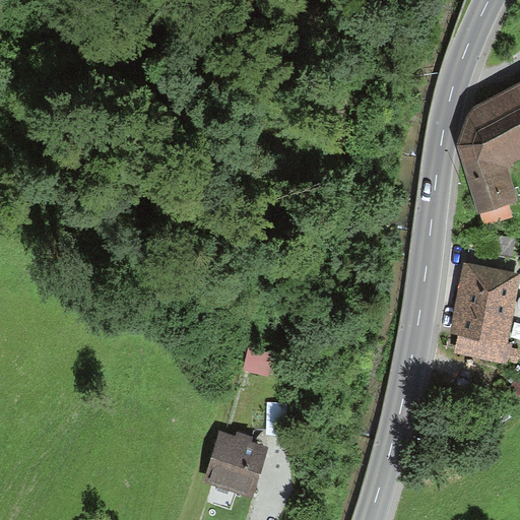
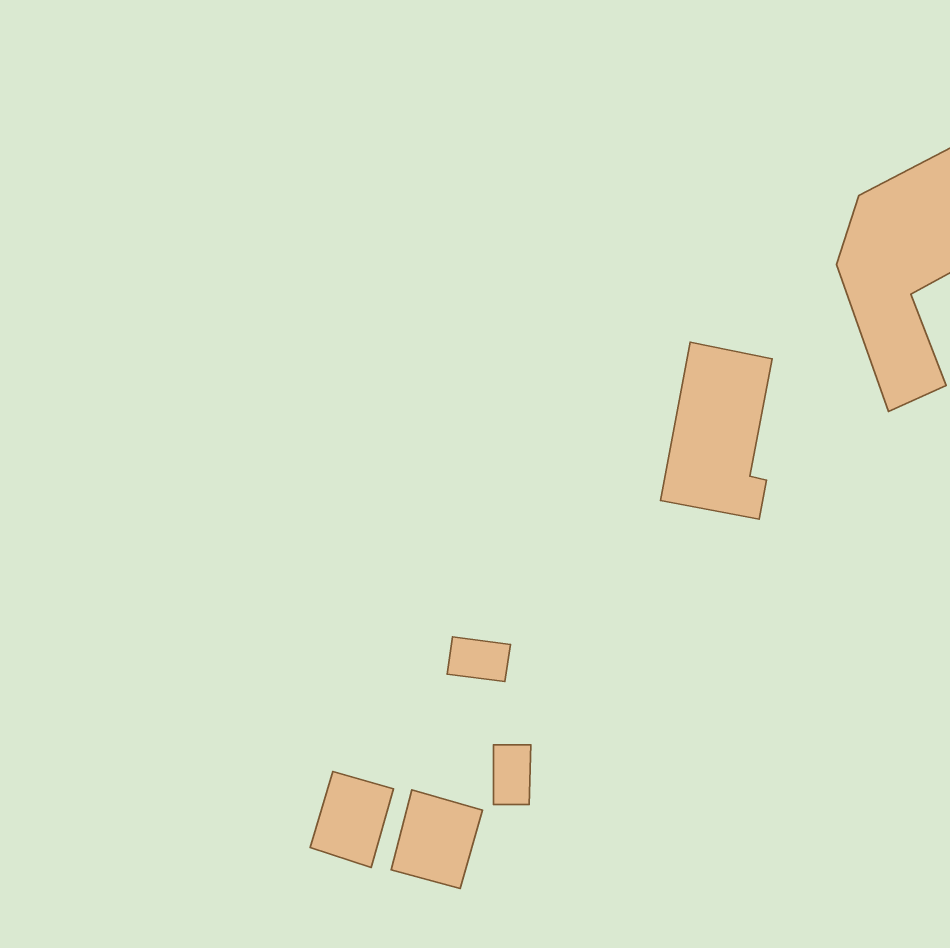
building: [453,265,514,362] -> [660,342,772,519]
building: none -> [310,772,394,868]

